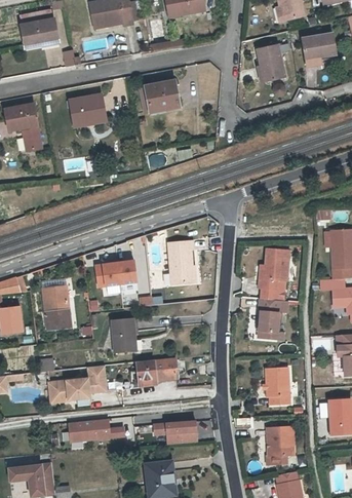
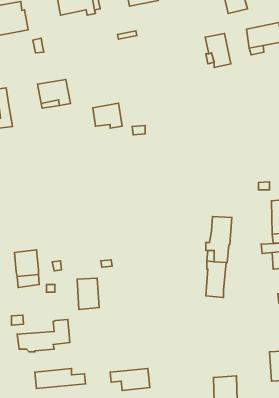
building: [147,84,180,112] -> [93,103,122,128]
building: [165,241,193,285] -> none
building: [92,258,134,286] -> none
building: [140,358,179,382] -> none
building: [265,369,288,405] -> none

